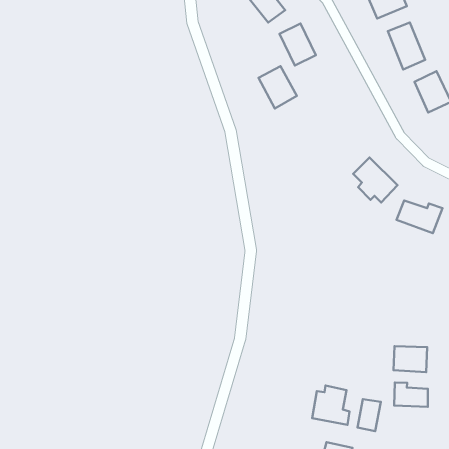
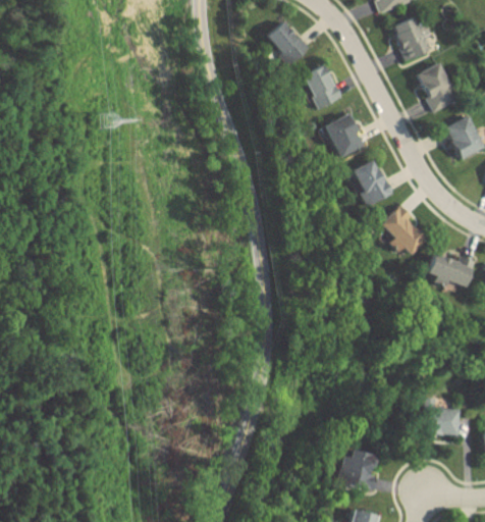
building: [258,66,297,108] -> [323,113,364,158]
building: none -> [352,159,391,204]
building: [394,382,428,407] -> none
building: [358,399,381,431] -> none

